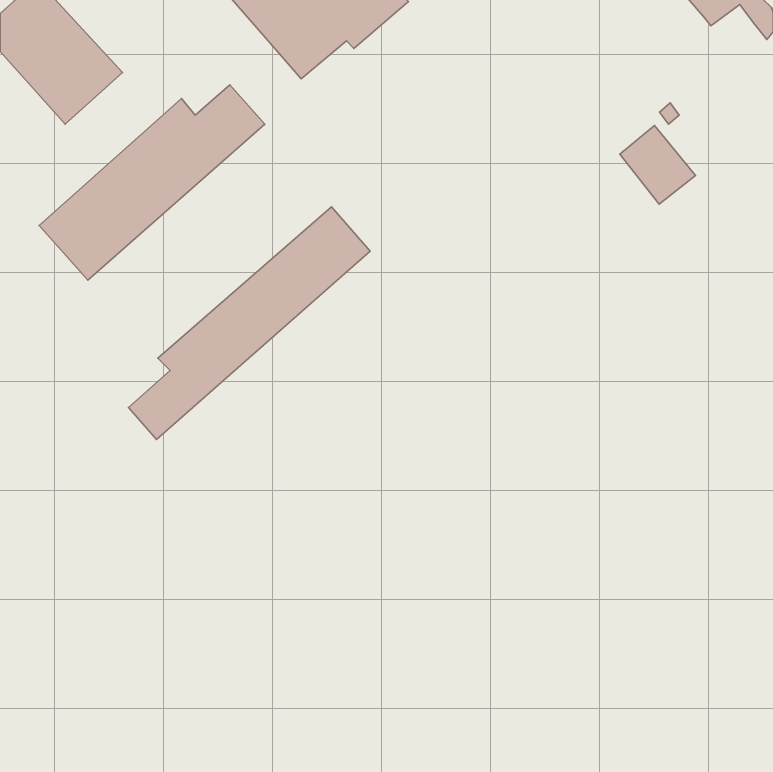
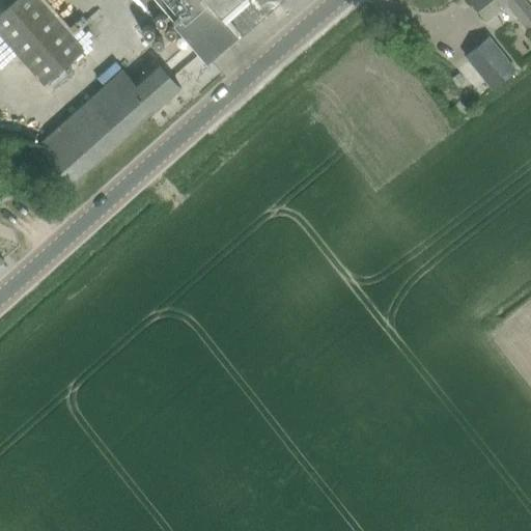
building: [620,125,696,204] -> [466,33,518,87]
building: [129,207,370,439] -> none

